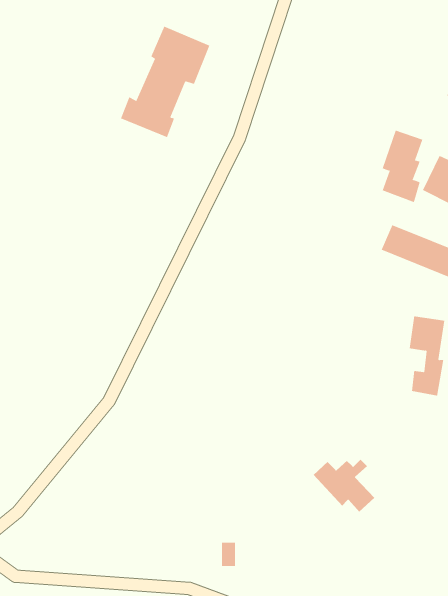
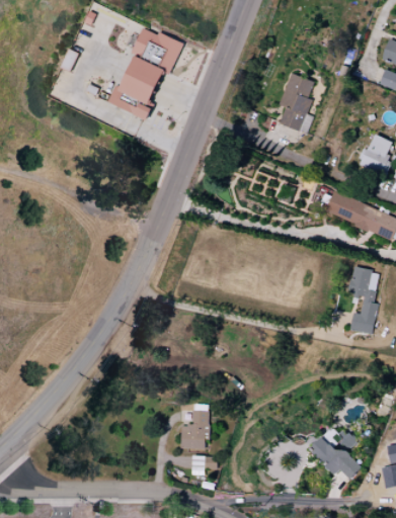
building: [382,130,423,203] -> [279,73,313,134]
building: [313,459,375,512] -> [309,435,361,480]
building: none -> [180,405,209,449]

